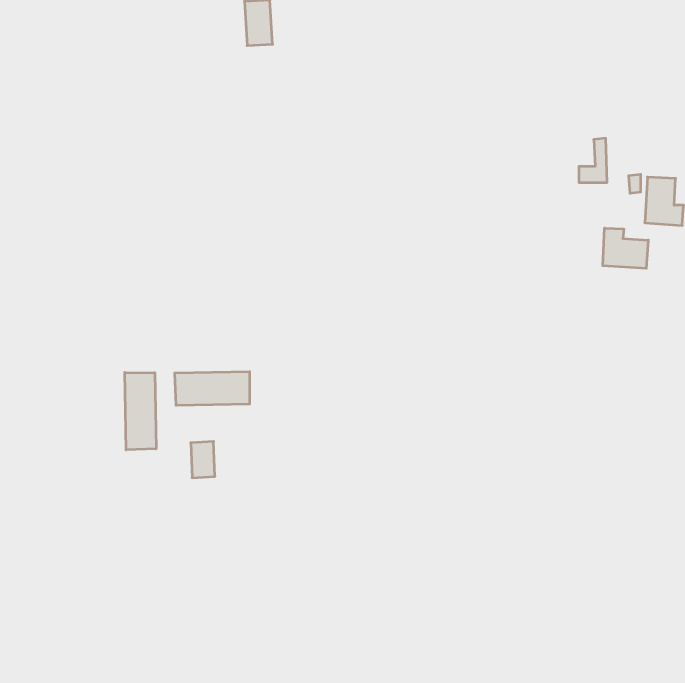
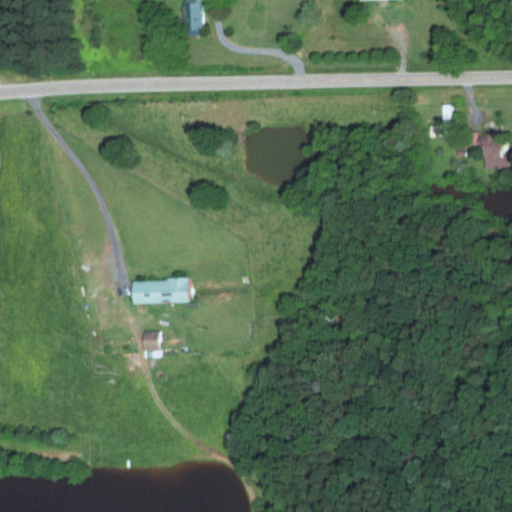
building: [603,228,648,268] -> none
building: [125,372,156,450] -> none

